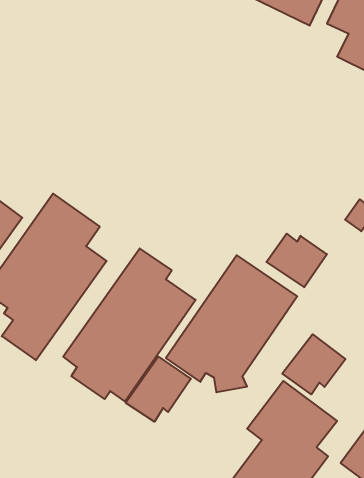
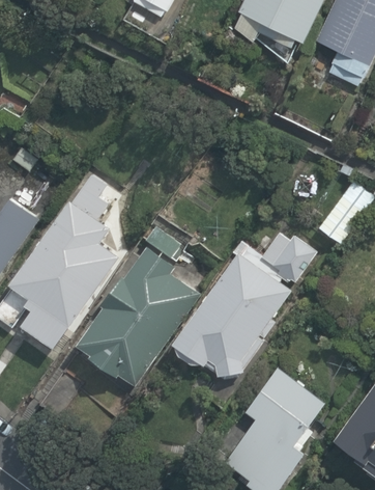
building: [282,334,345,394] -> none
building: [126,357,191,422] -> none

